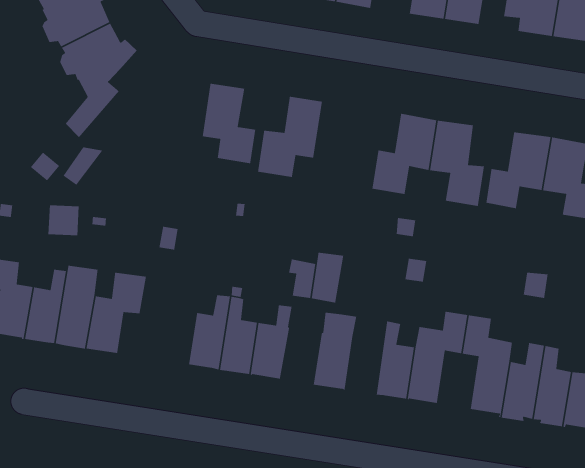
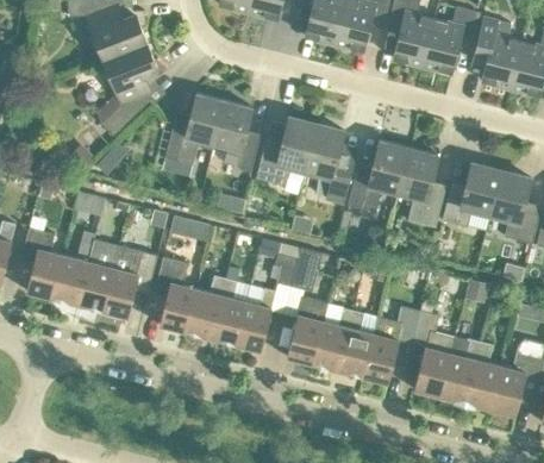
building: none -> [164,93,224,164]
building: none -> [304,124,357,200]
building: none -> [155,256,195,331]
building: none -> [312,307,351,370]

